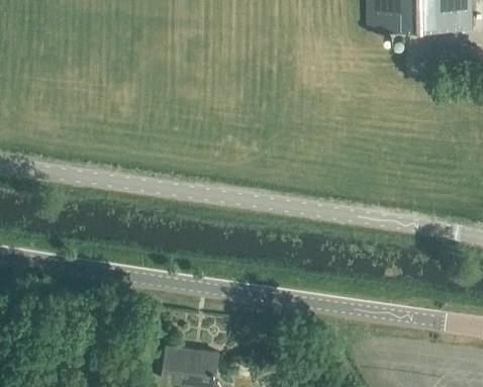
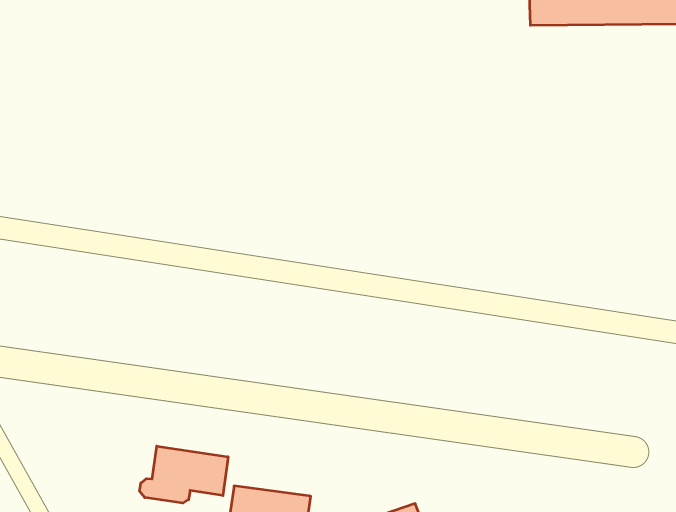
building: none -> [140,446,228,503]

